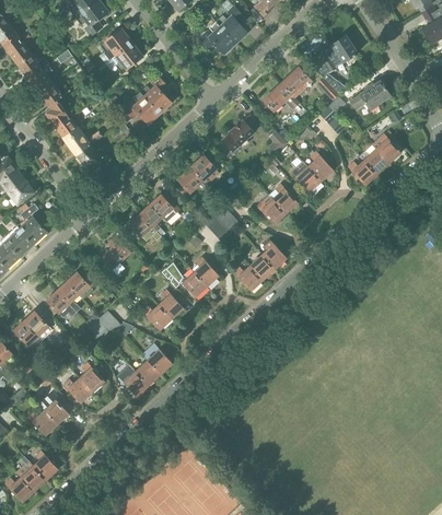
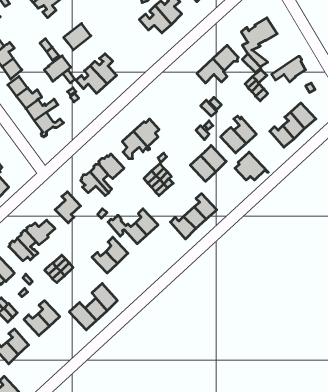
building: [100,28,130,58] -> [44,56,71,81]
building: [221,114,256,151] -> none
building: none -> [235,152,268,180]

